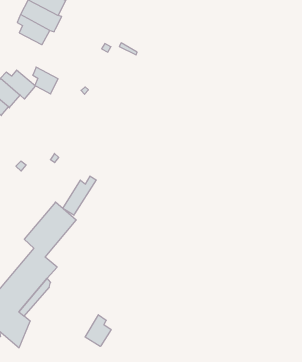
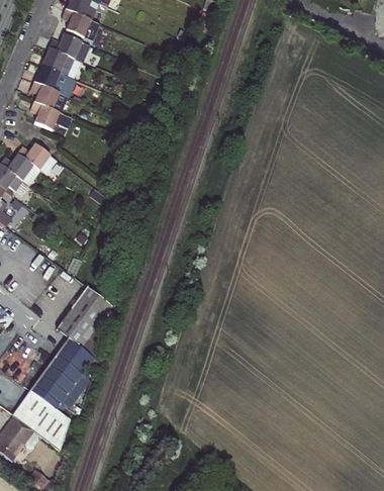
building: [33,67,58,94] -> [31,101,60,129]
building: [63,176,96,215] -> none
building: [85,315,111,346] -> none

